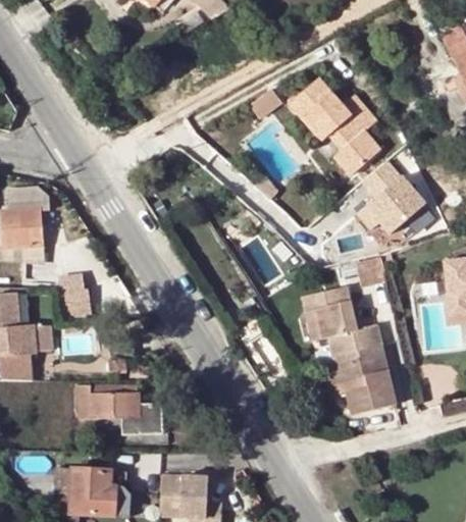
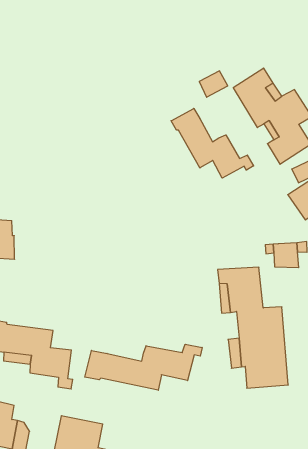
building: none -> [171,108,254,178]
building: none -> [85,344,202,390]

